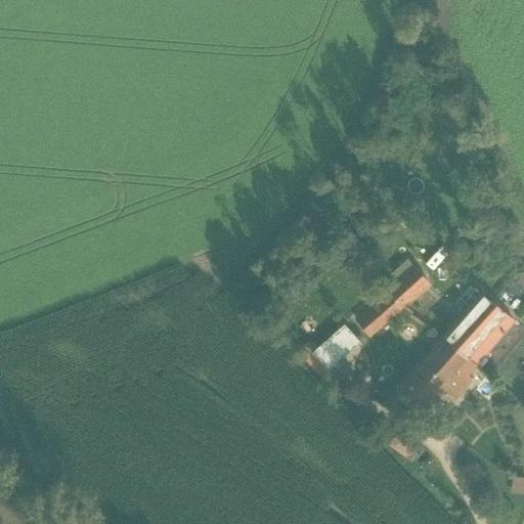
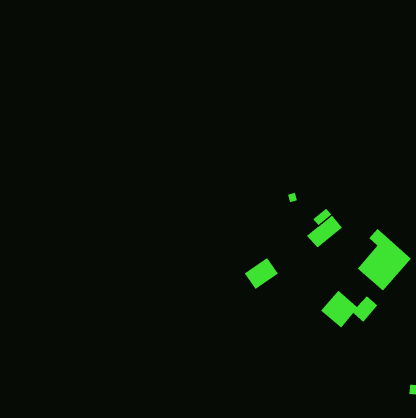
building: [357,296,400,336] -> none
building: [426,337,482,384] -> none

